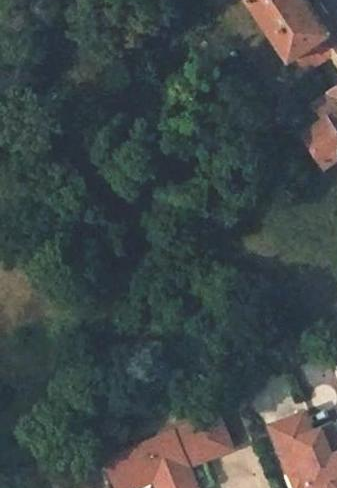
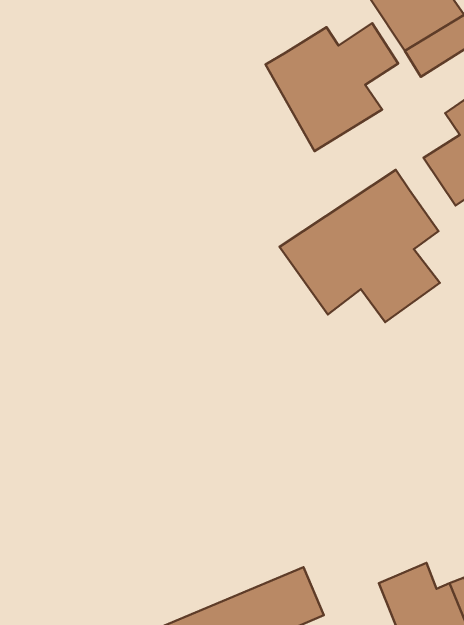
building: none -> [266,23,398,151]
building: none -> [280,170,440,322]

